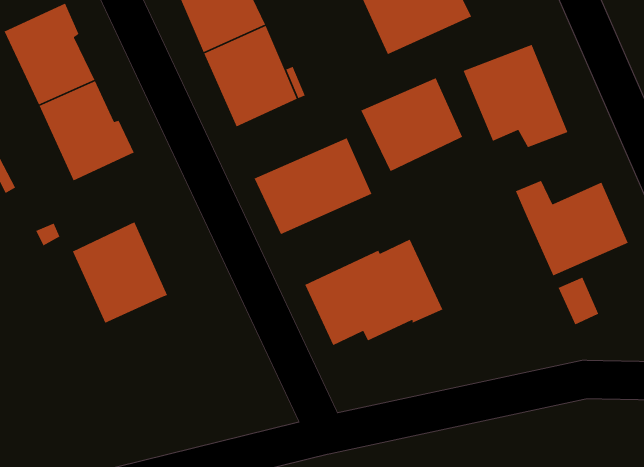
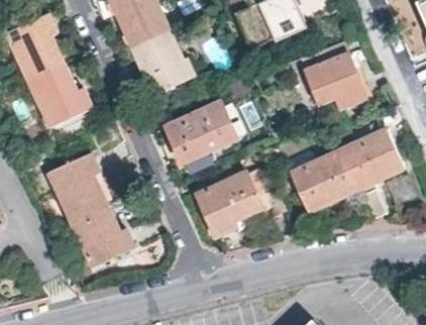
building: [360,77,463,172] -> [290,151,355,212]
building: none -> [70,203,132,266]

